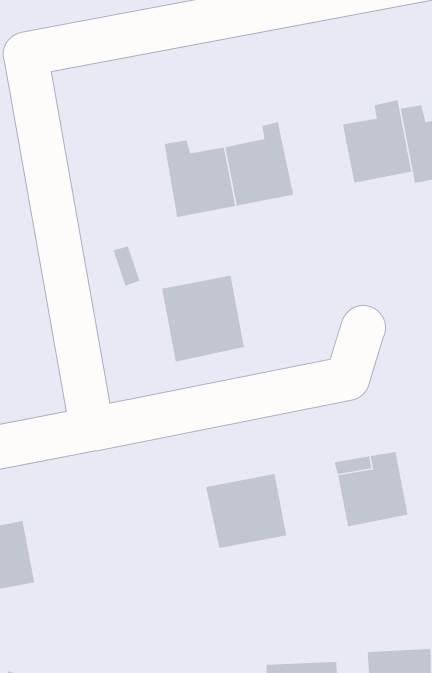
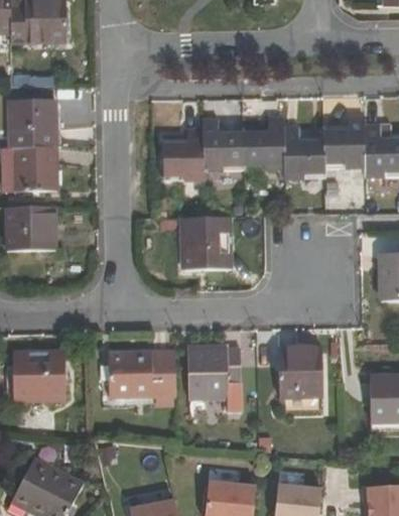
building: none -> [280,124,323,177]
building: none -> [161,127,201,178]
building: none -> [109,354,174,396]

